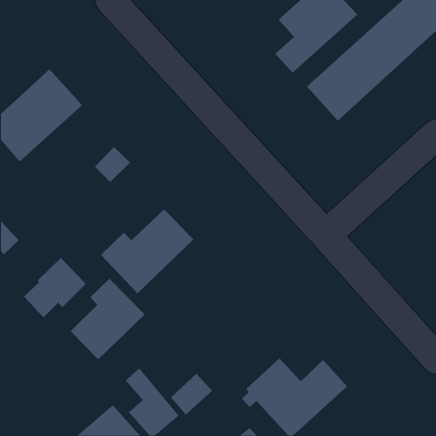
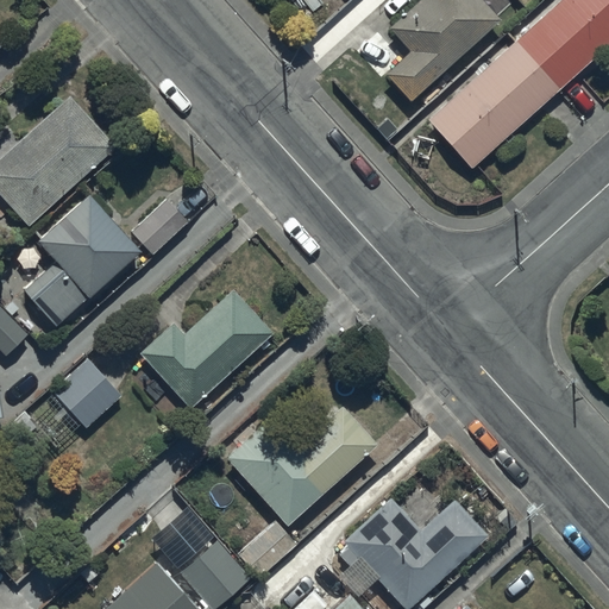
building: none -> [25,195,140,332]
building: [70,278,145,360] -> none
building: none -> [225,408,375,527]

